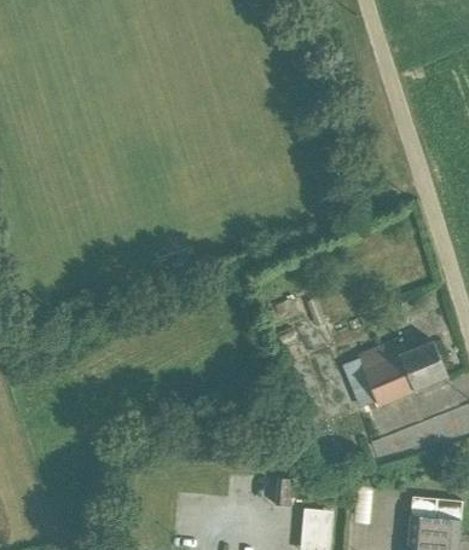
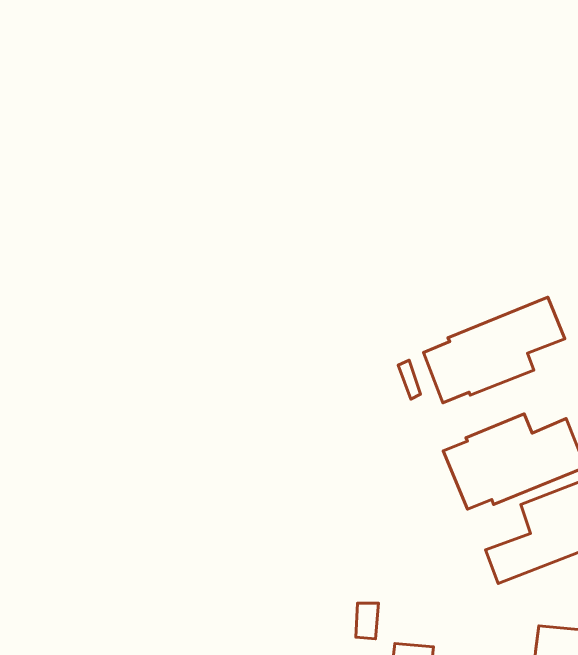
building: none -> [423,297,565,403]

